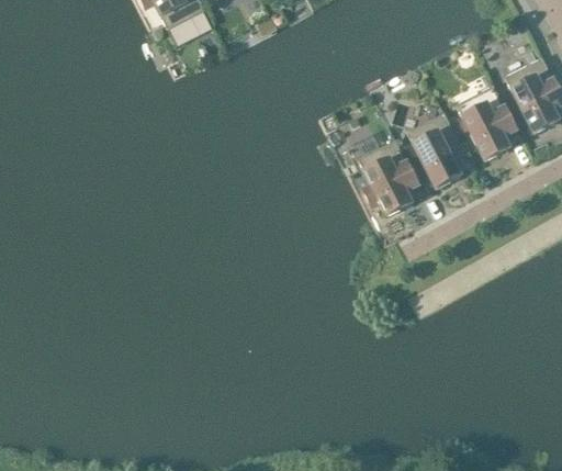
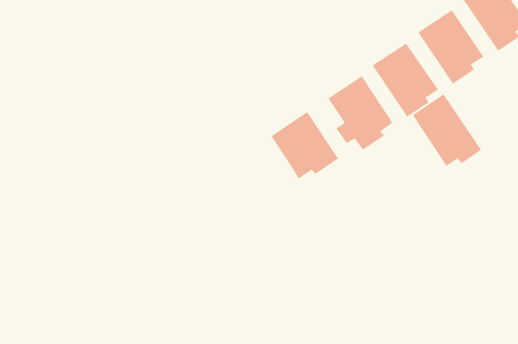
building: none -> [412,93,482,167]
building: none -> [271,111,339,179]

